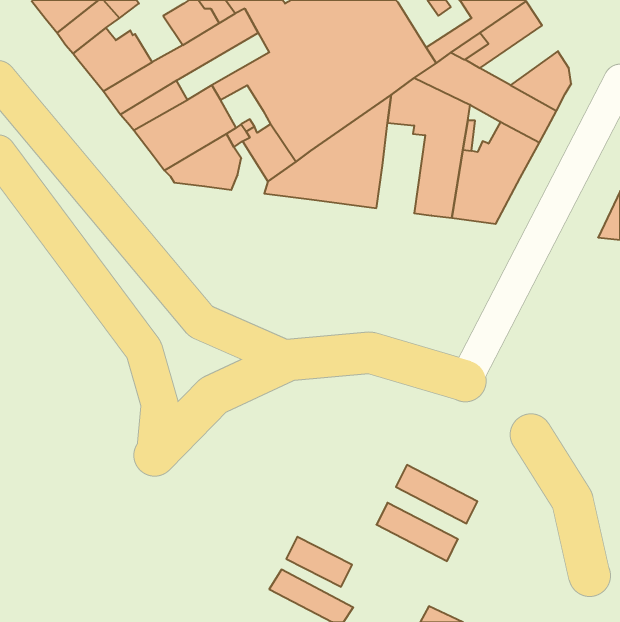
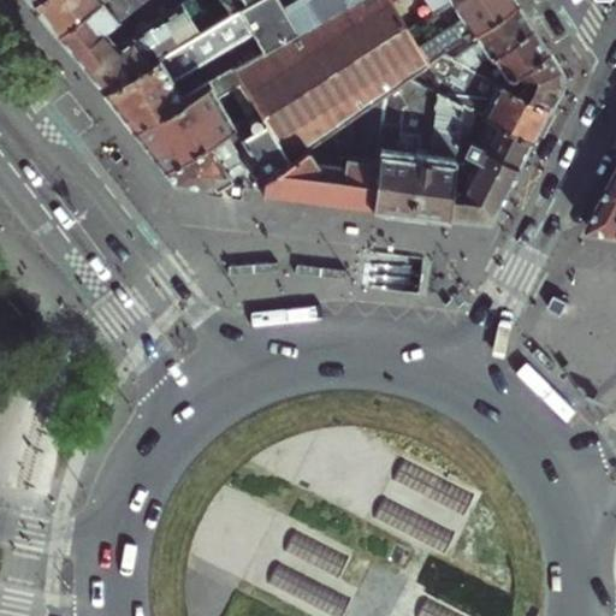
building: none -> [134,16,180,61]
building: none -> [474,25,551,84]
building: none -> [372,122,420,211]

